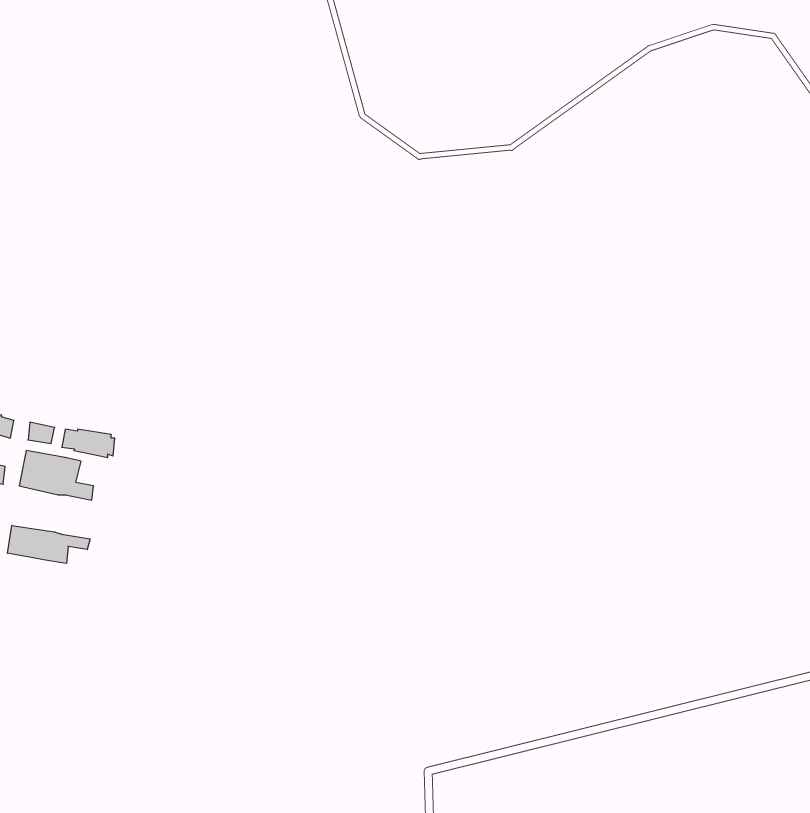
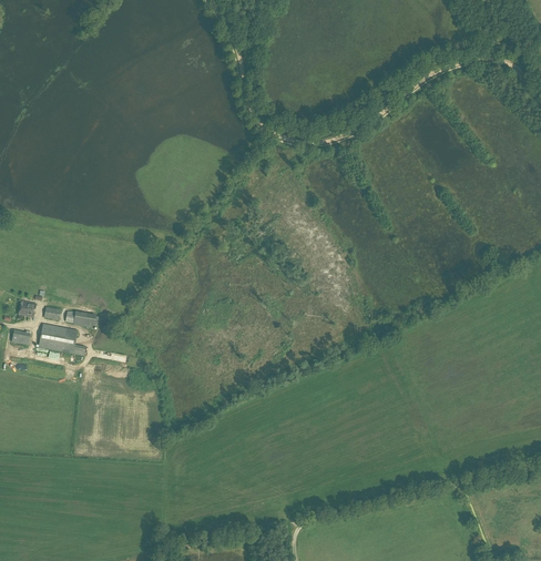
building: [8,525,90,563] -> none

